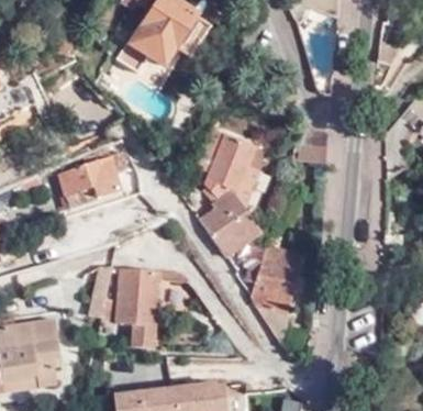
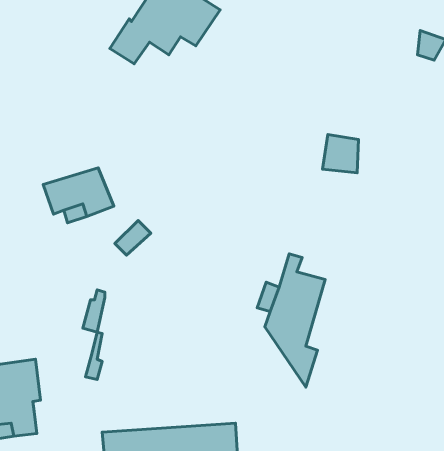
building: [193,129,261,258] -> none
building: [116,270,163,349] -> none

